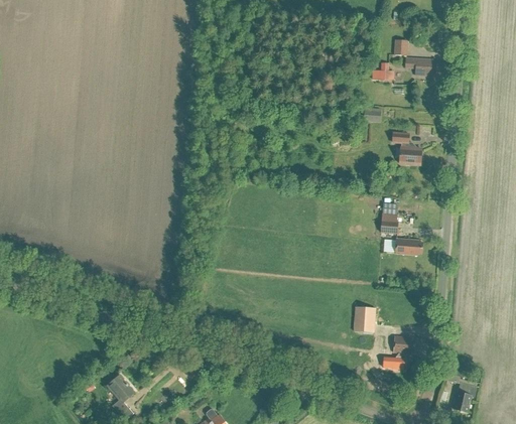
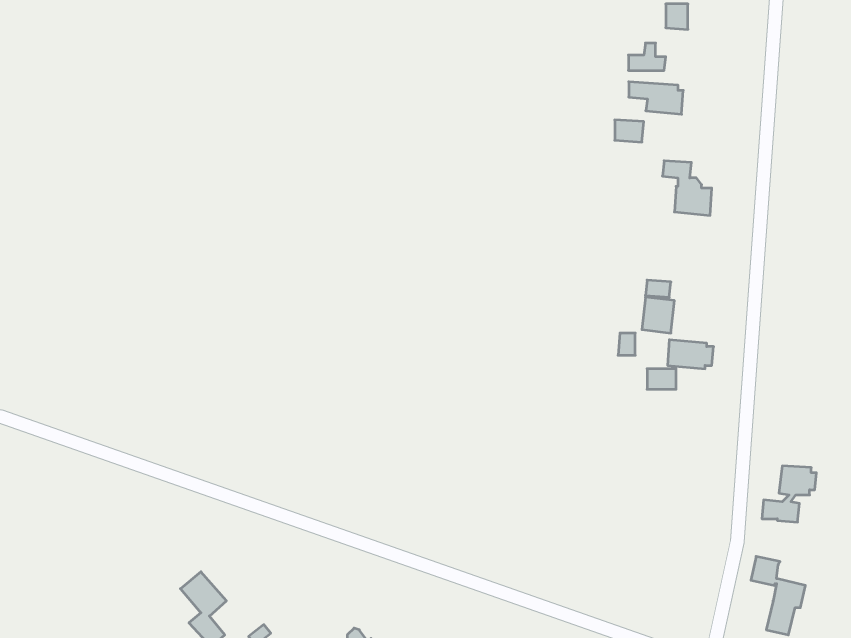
building: [404,57,436,77] -> [629,82,683,114]
building: [354,306,375,331] -> none
building: [383,335,415,369] -> [762,466,816,522]

